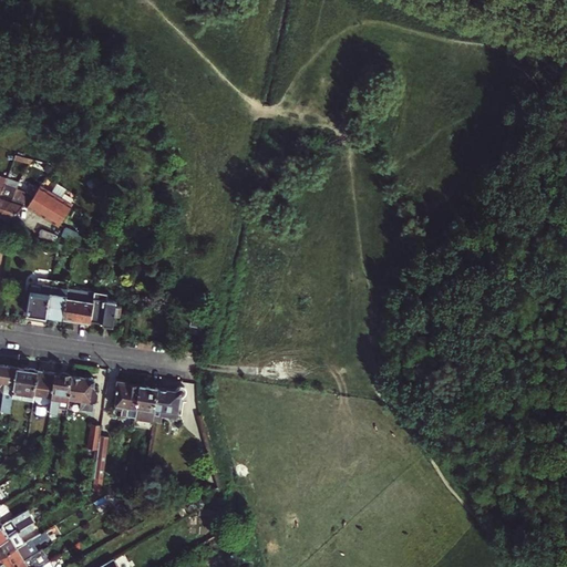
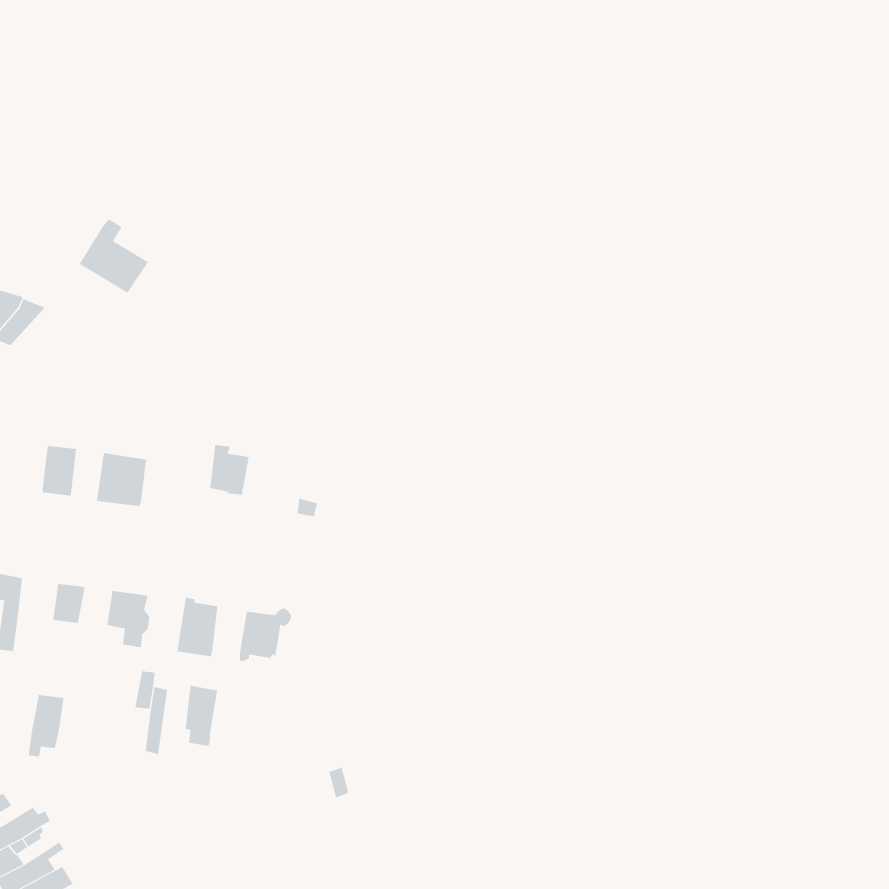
building: [24,181,69,228] -> [79,218,149,293]
building: [45,287,65,320] -> none
building: [90,293,115,326] -> [209,445,250,495]
building: [11,369,37,402] -> none
building: [48,374,71,414] -> [28,694,64,757]
building: [135,386,156,425] -> [185,685,218,746]

